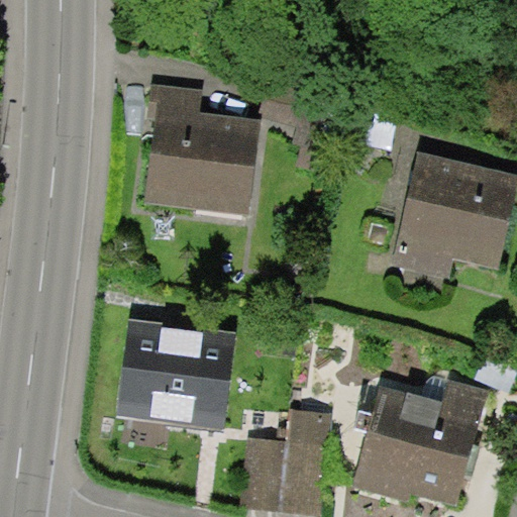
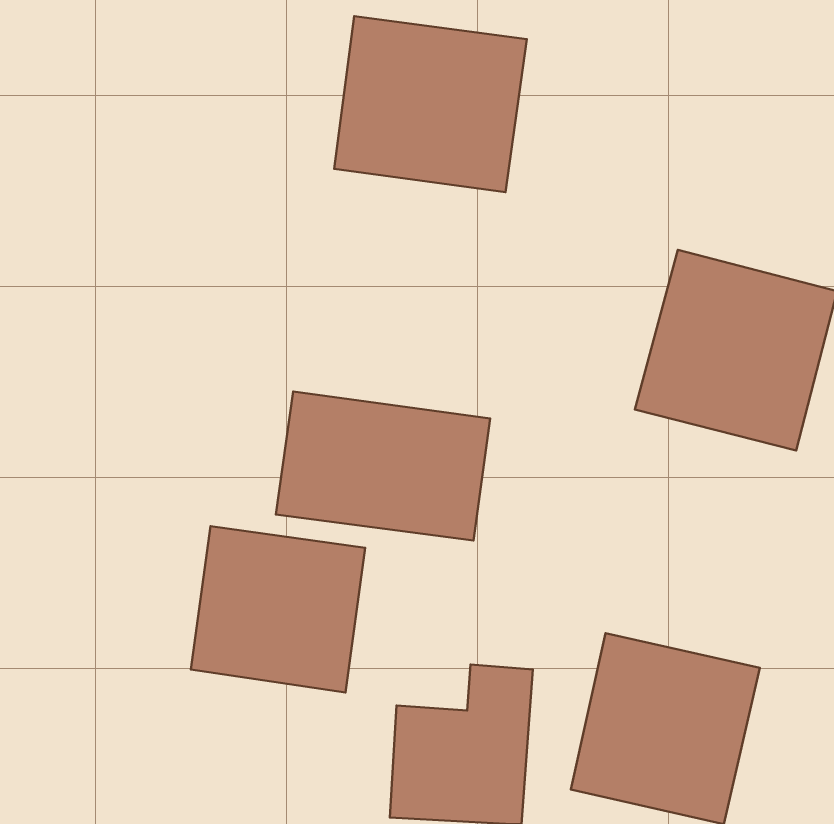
building: [144,107,263,215] -> [334,16,527,192]
building: none -> [276,391,490,540]

